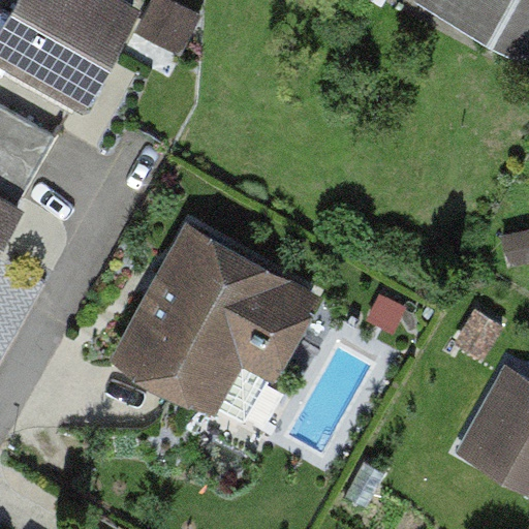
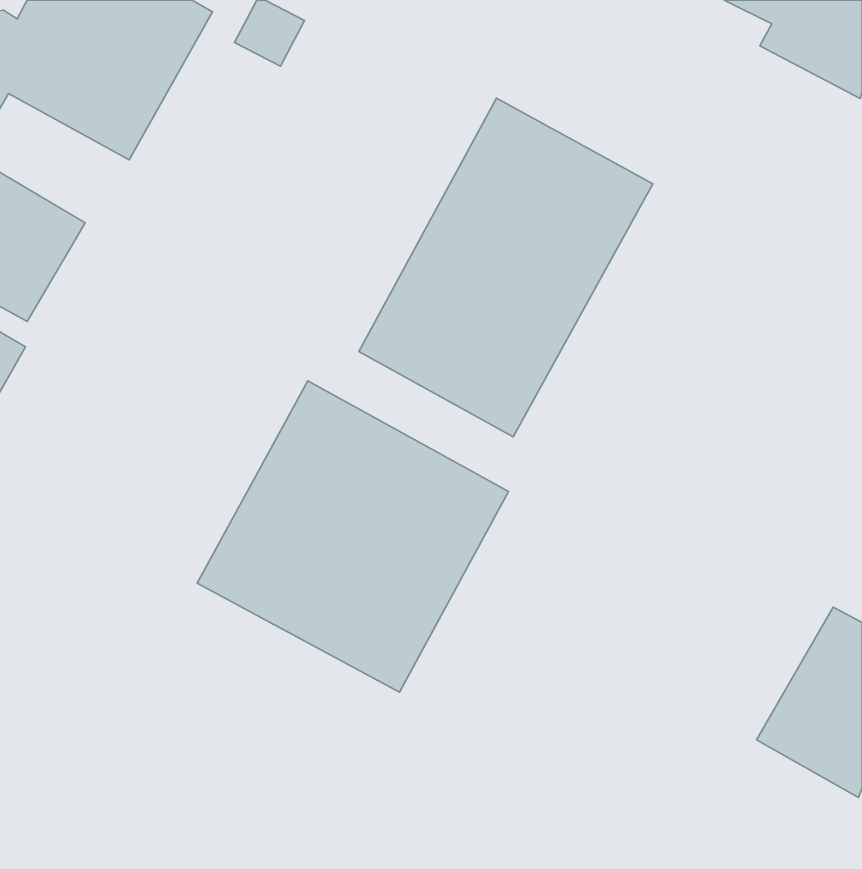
building: none -> [359,98,653,437]

